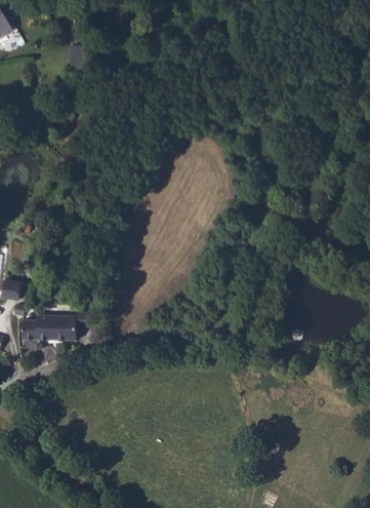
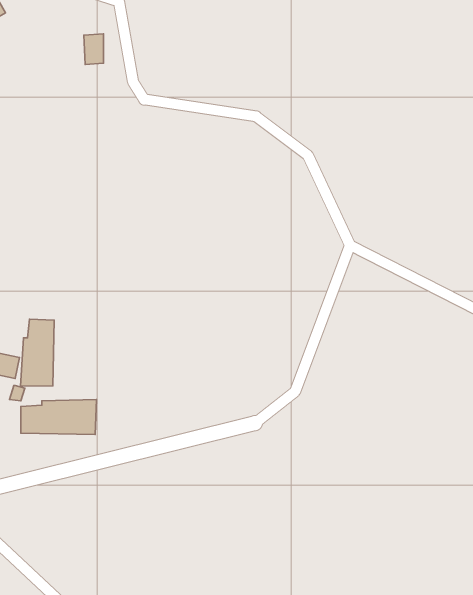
building: none -> [20,319,54,386]

